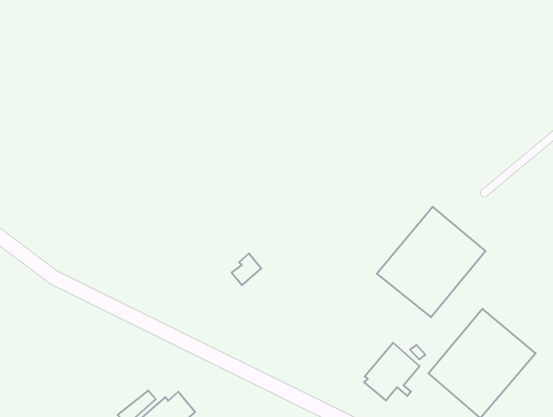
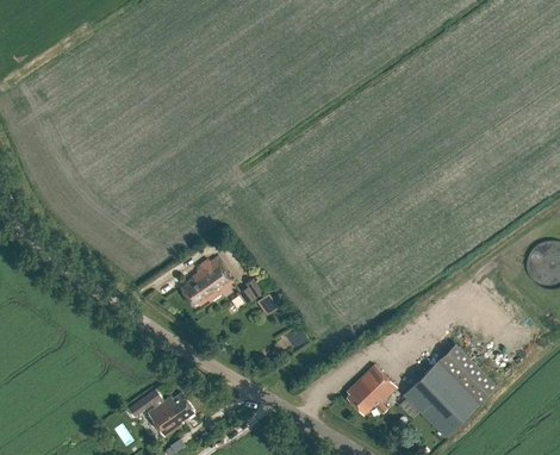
building: [377,207,485,317] -> none
building: none -> [180,256,234,305]

